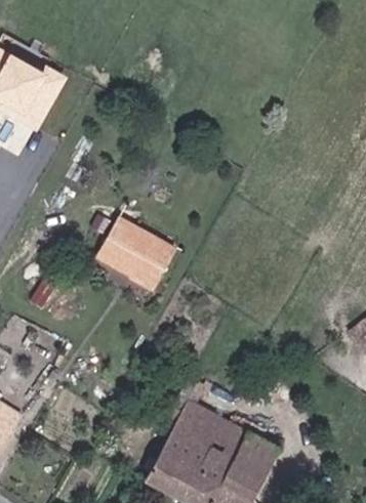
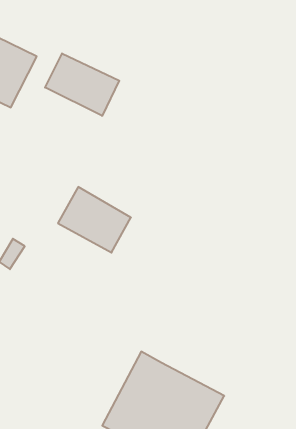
building: none -> [45,53,119,116]

